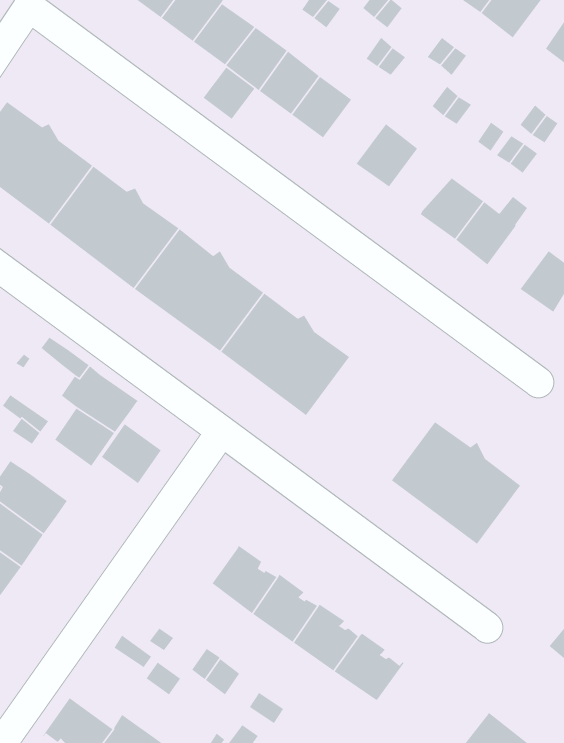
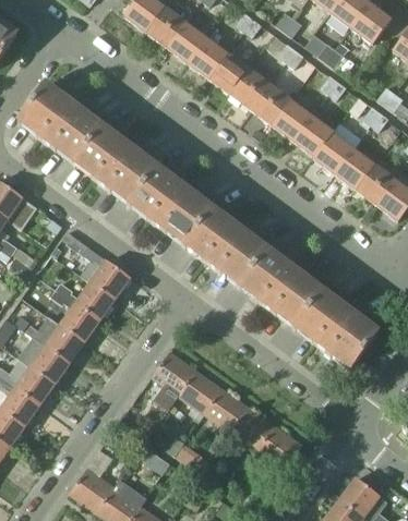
building: [203,66,256,120] -> none
building: none -> [250,83,290,124]
building: none -> [292,114,334,155]
building: none -> [356,165,395,205]
building: none -> [239,249,322,328]
building: [101,423,162,484] -> [61,302,100,341]
building: none -> [151,352,194,395]

